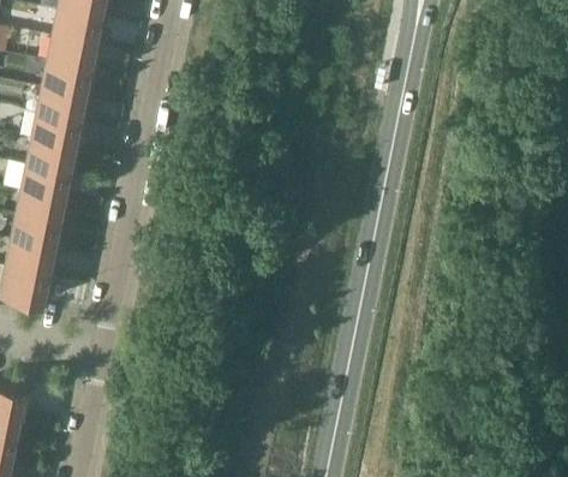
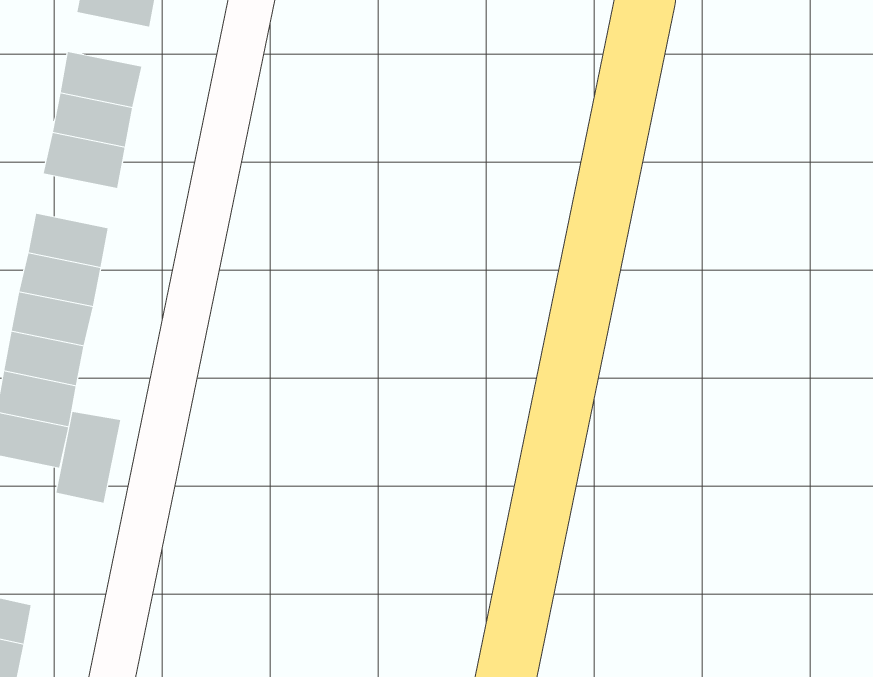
building: [49,18,102,53] -> none
building: [29,121,82,156] -> none
building: none -> [56,411,121,504]

